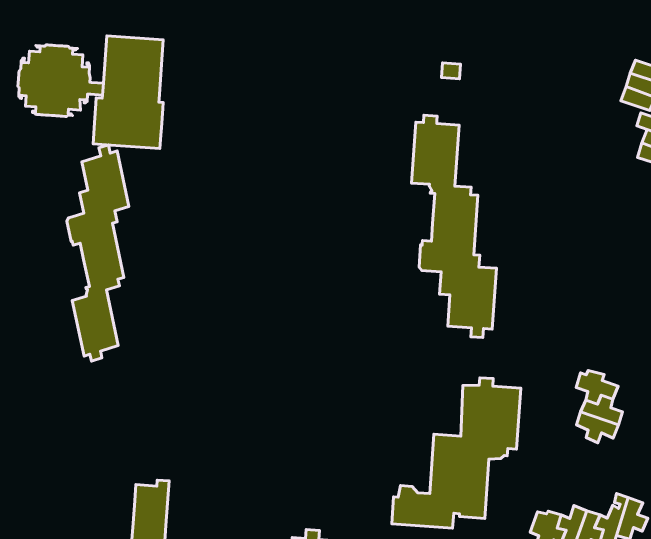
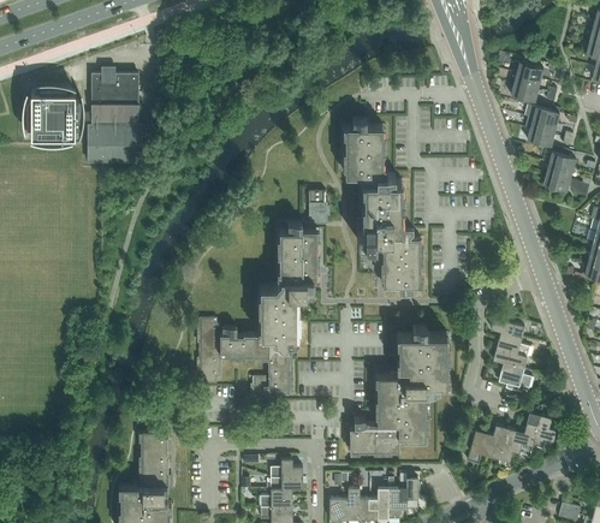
building: [67,145,129,361] -> none
building: none -> [200,191,329,411]
building: none -> [498,365,531,393]

